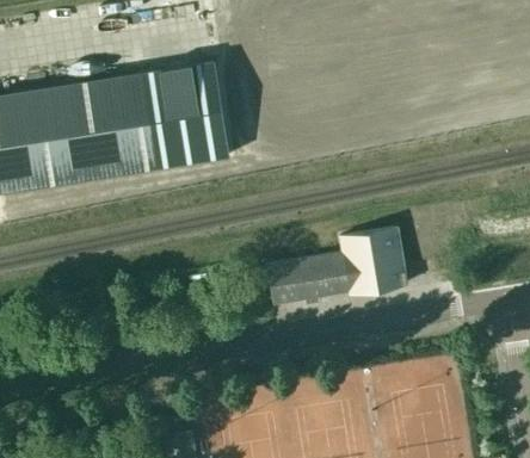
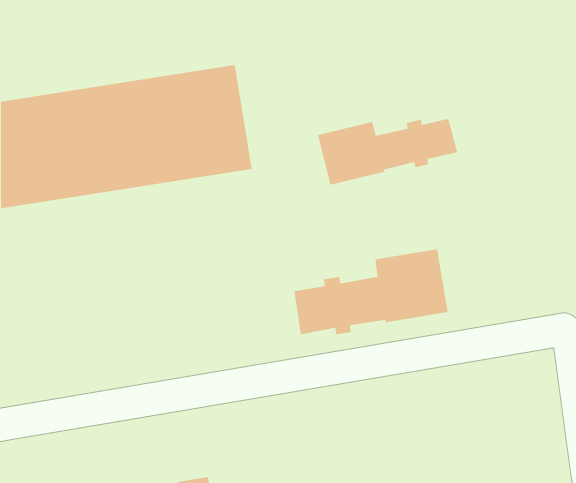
building: none -> [317,118,458,186]

